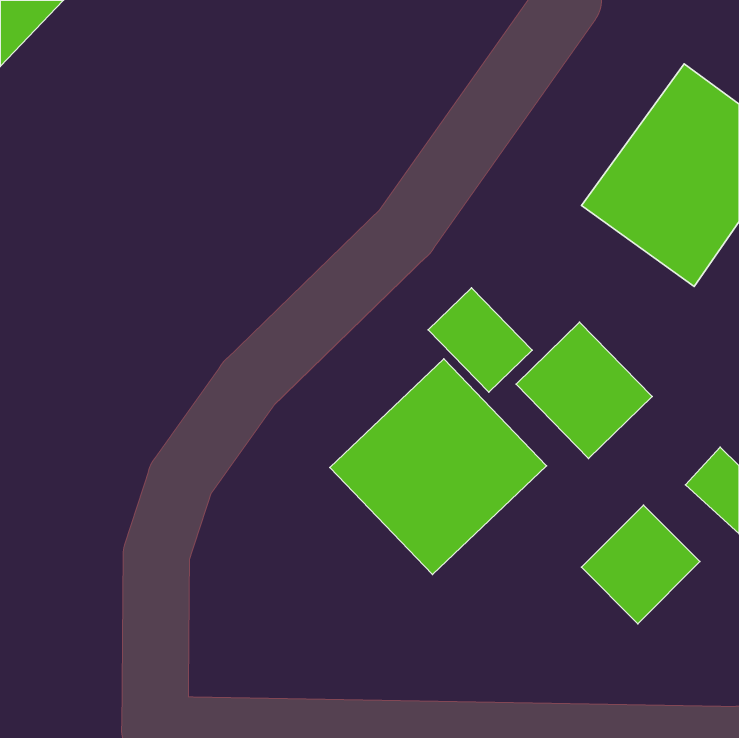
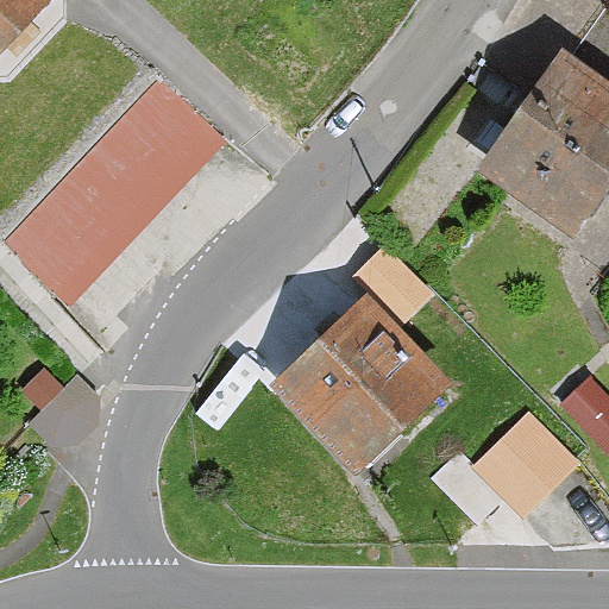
building: none -> [5,82,221,300]
building: [516,322,652,458] -> none

